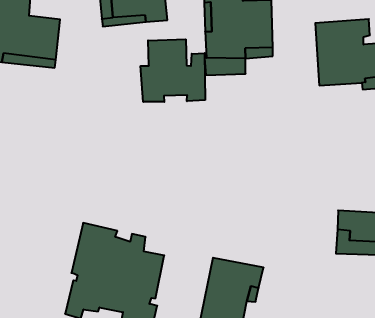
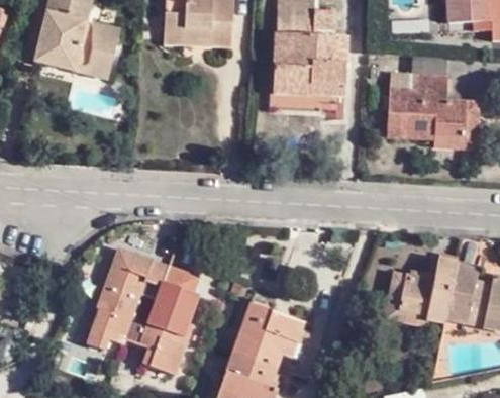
building: [141,39,205,102] -> none

